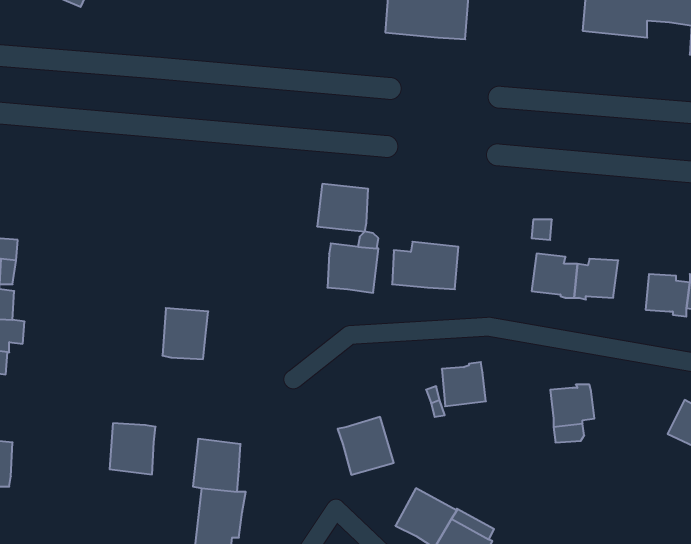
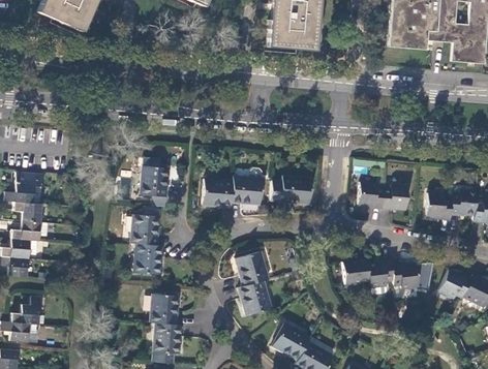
building: [317,184,368,231] -> [202,178,233,207]
building: none -> [140,165,169,196]
building: [442,362,486,406] -> [342,257,369,284]
building: none -> [236,252,269,286]
building: none -> [392,264,419,287]
building: [110,423,156,474] -> [134,244,162,275]

